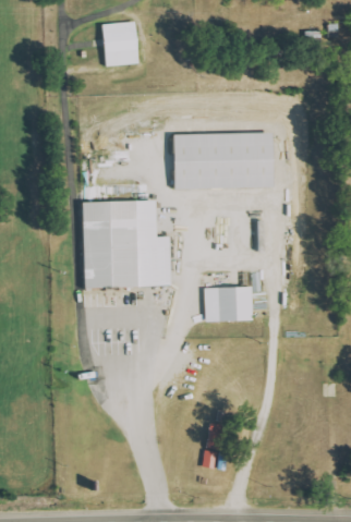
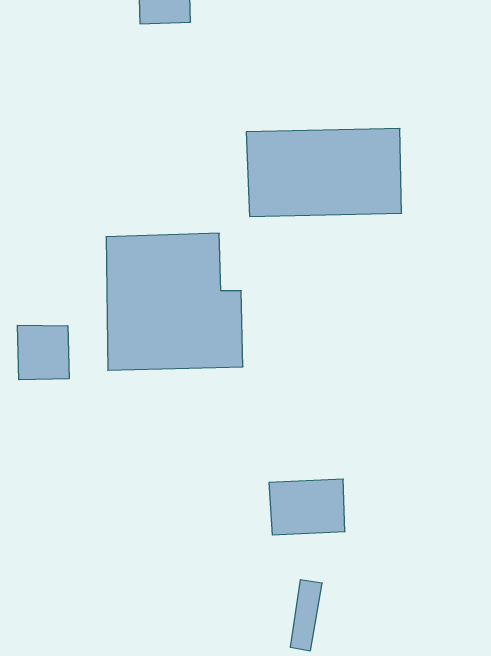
building: none -> [18,325,69,380]
building: [203,286,252,321] -> [269,479,345,535]

